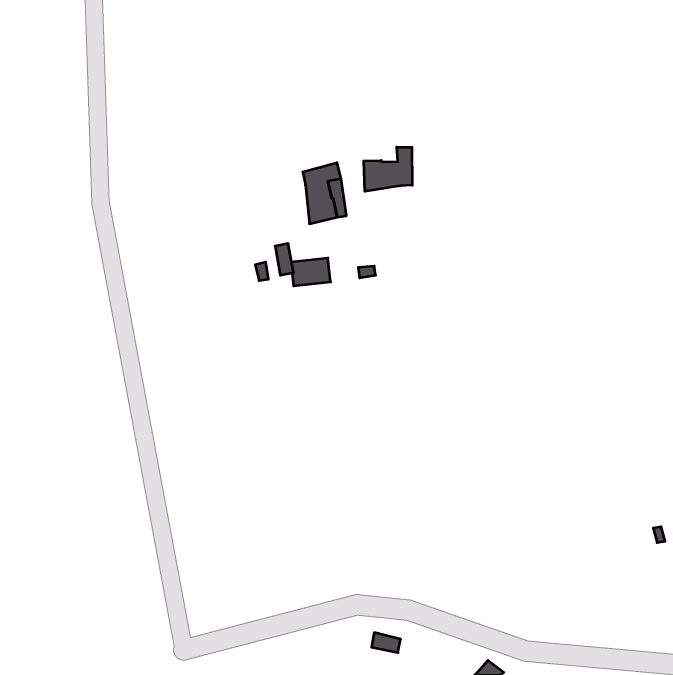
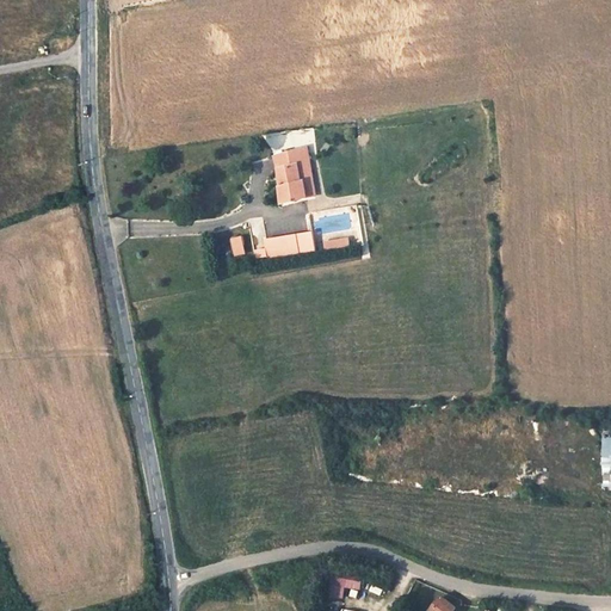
building: [364,147,412,191] -> none

